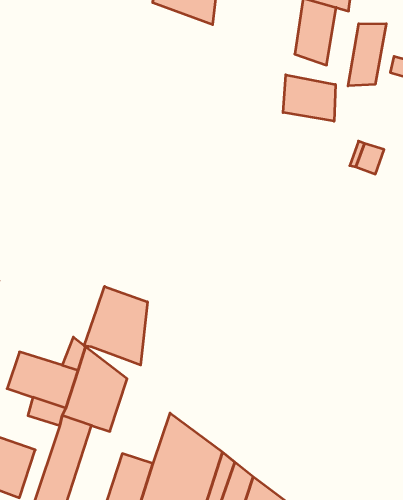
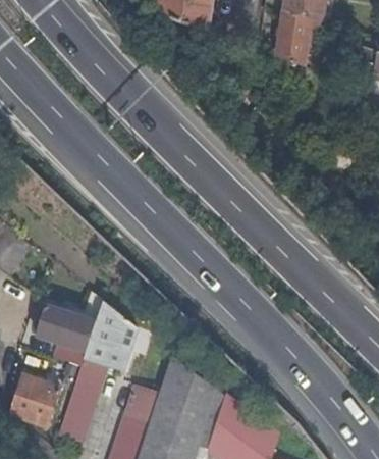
building: [348,24,386,86] -> none
building: [283,75,335,121] -> none
building: [84,286,147,365] -> none

